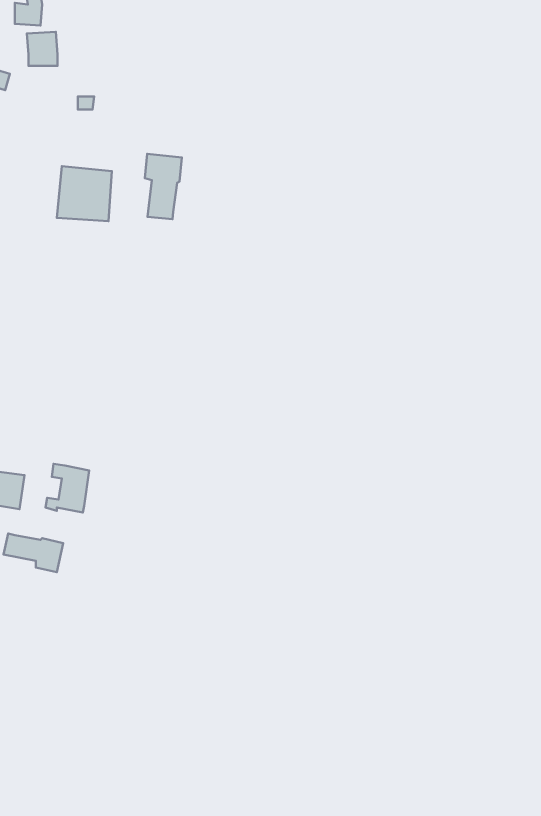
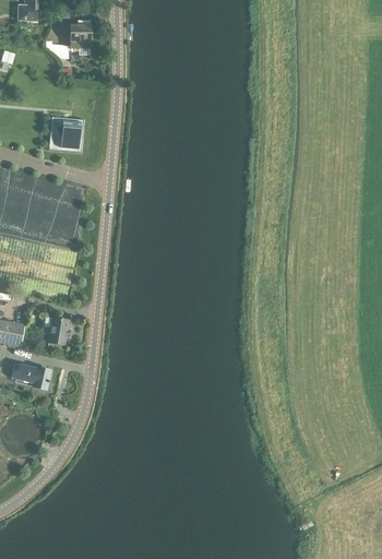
building: [27,32,57,66] -> [67,23,87,46]
building: [145,154,182,219] -> none

